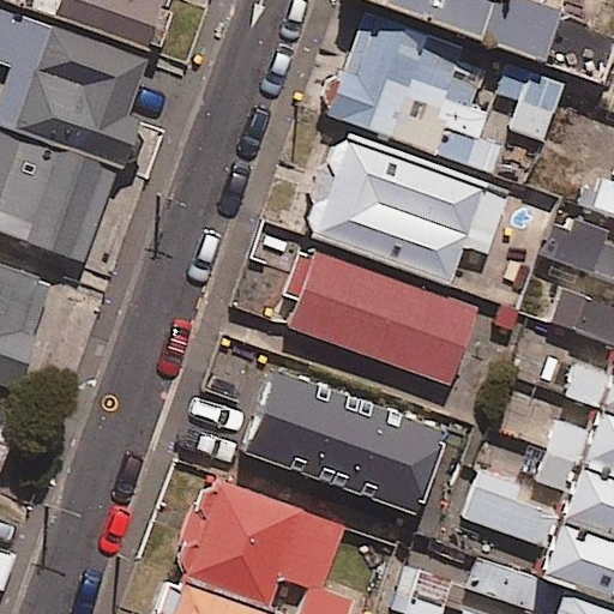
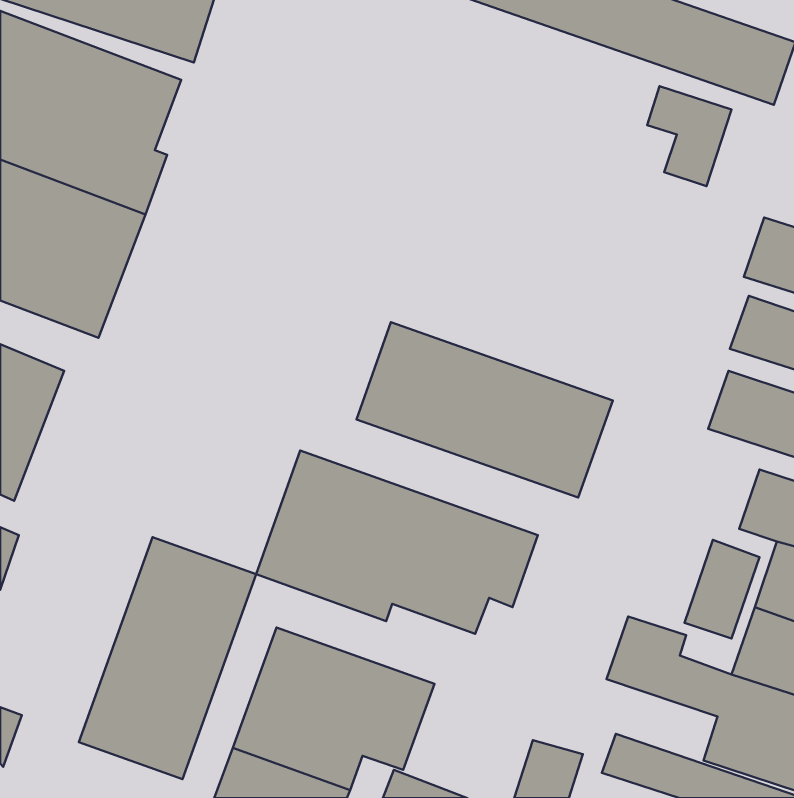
building: [321,14,498,169] -> none
building: [311,138,505,283] -> none
building: none -> [79,537,256,779]

